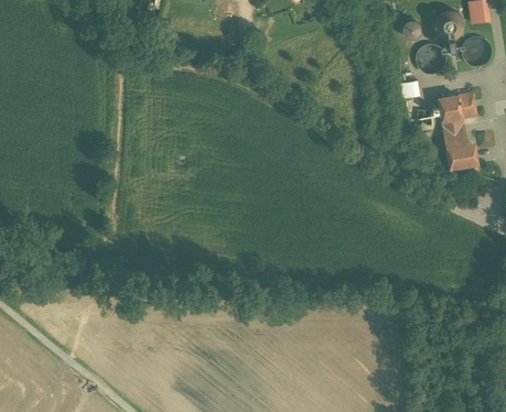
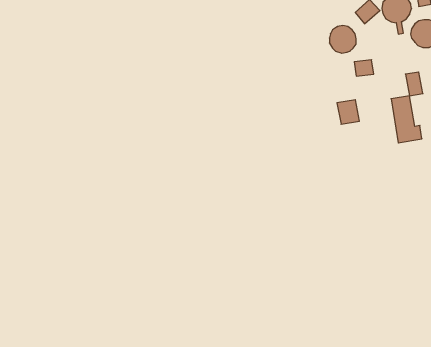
building: [417,45,445,75] -> [329,26,356,53]
building: [438,95,462,121] -> [337,100,359,124]

